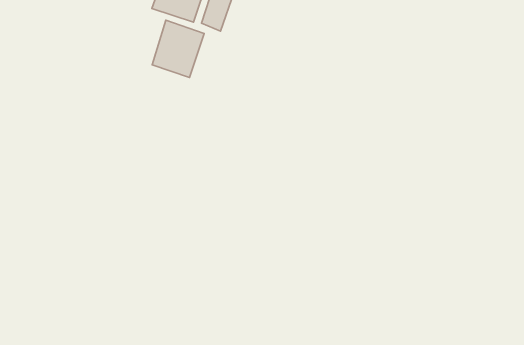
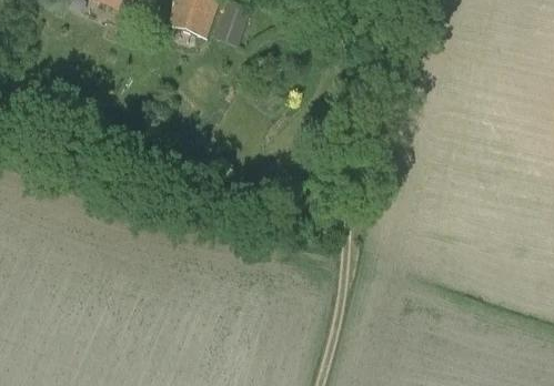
building: [152,20,204,77] -> none

